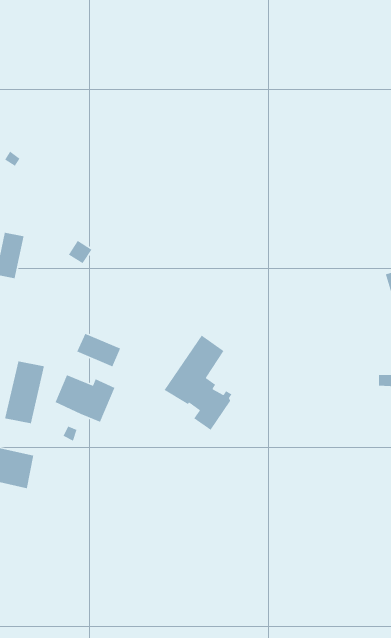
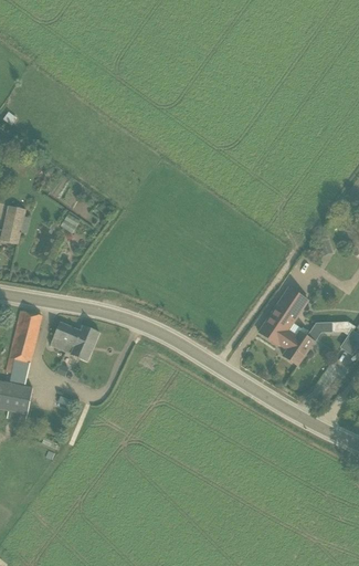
building: [76,333,121,367] -> none
building: [163,334,233,431] -> [258,286,315,365]

